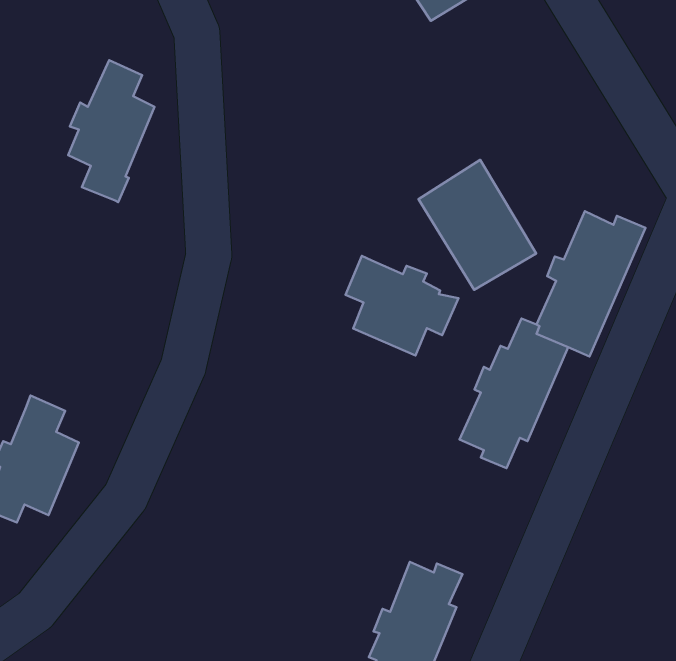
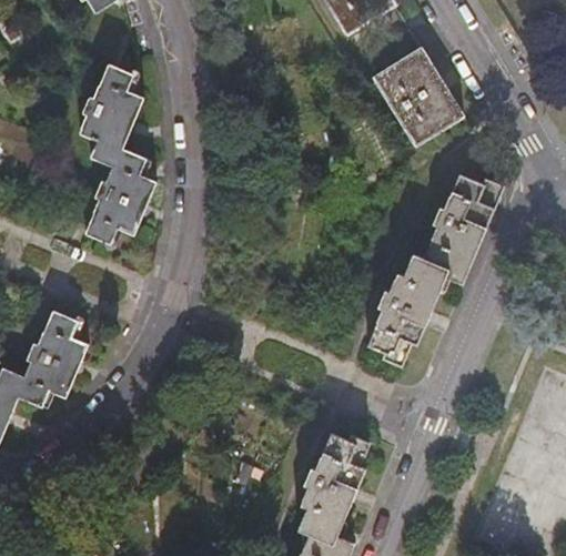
building: [418,160,536,290] -> [374,50,461,145]
building: none -> [87,150,156,243]
building: [345,256,459,356] -> none

